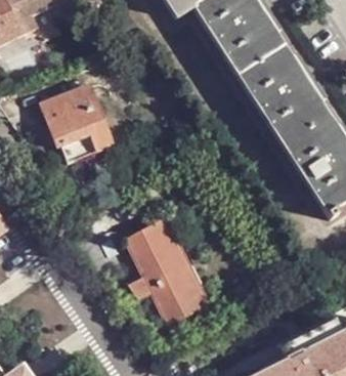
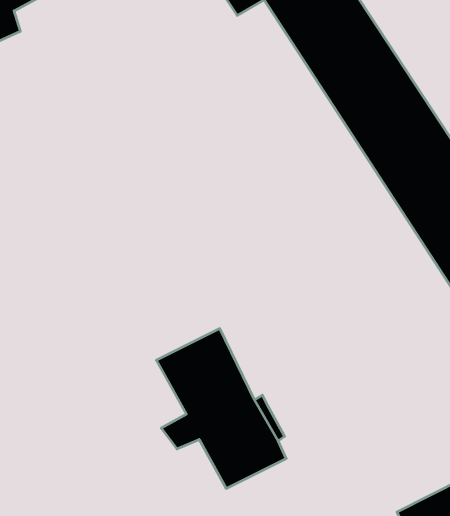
building: [41,83,115,162] -> none

